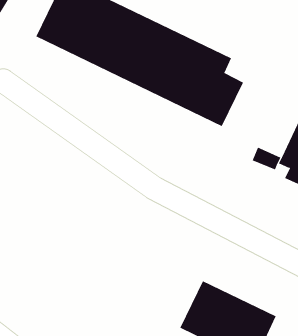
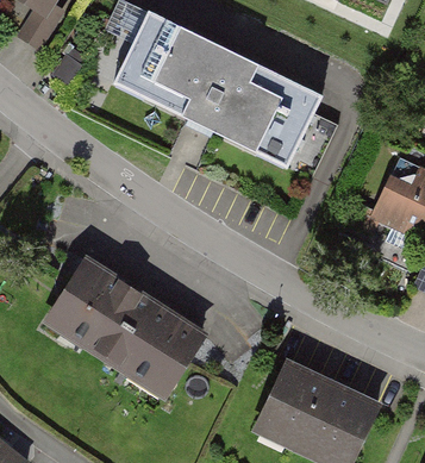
building: none -> [50,261,202,393]

